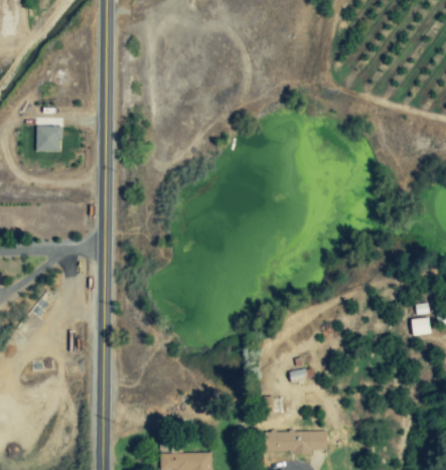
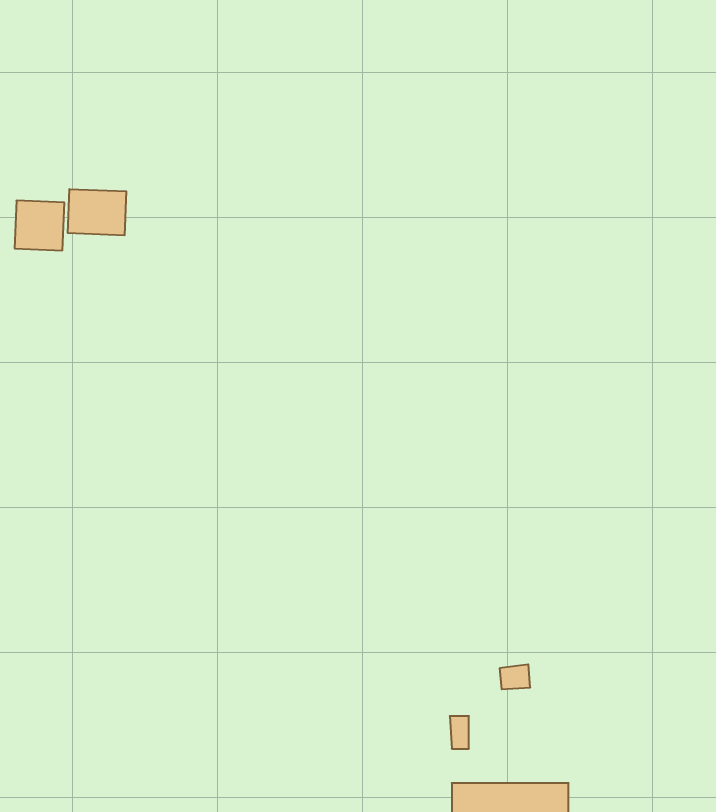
building: none -> [68,189,126,235]

